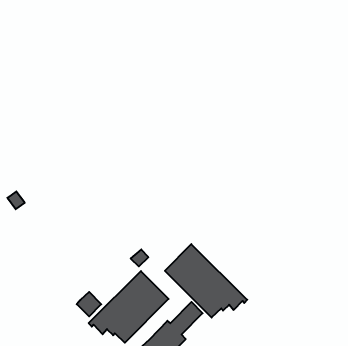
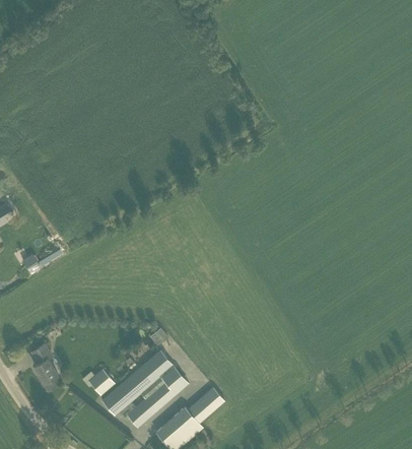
building: [165,244,247,318] -> none
building: none -> [31,341,57,389]

